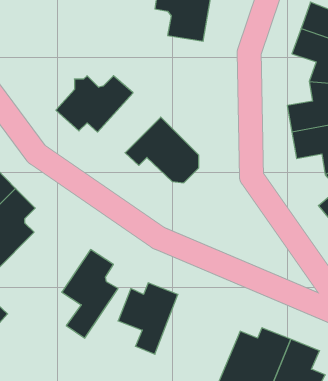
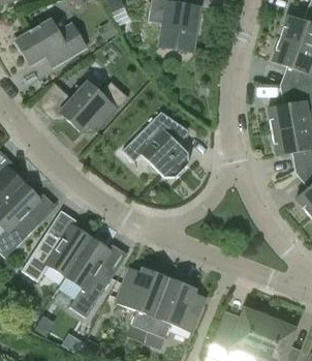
building: none -> [15,19,87,66]
building: none -> [22,223,91,280]
building: none -> [149,277,204,337]

